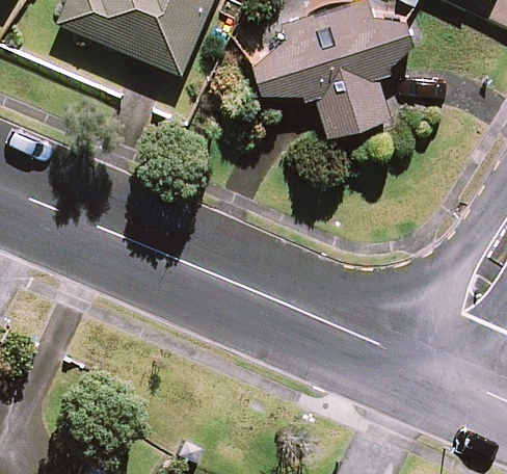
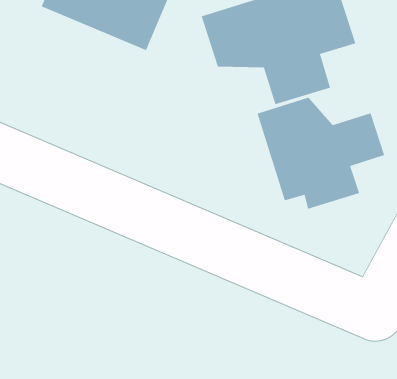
building: none -> [257,97,385,210]

